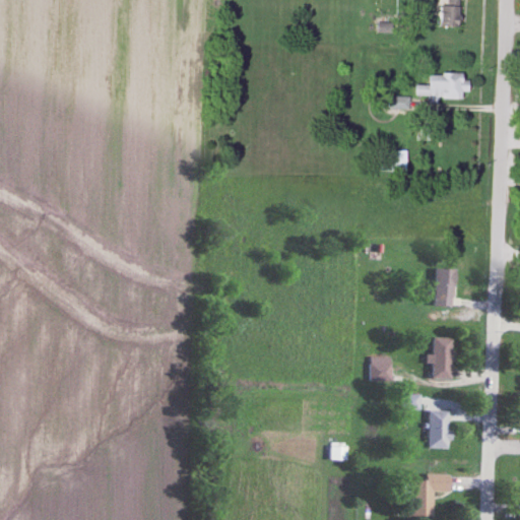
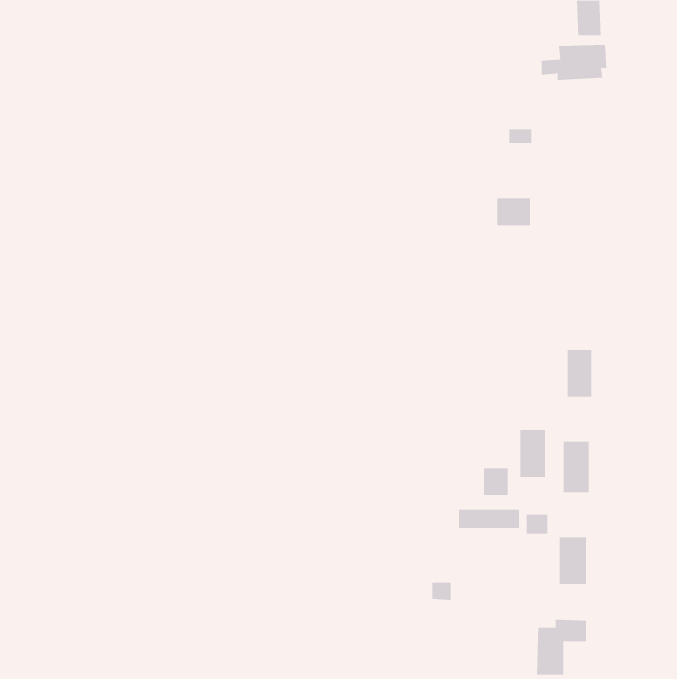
building: [416,74,467,102] -> [541,45,607,80]
building: none -> [520,429,546,478]
building: none -> [458,509,520,529]

